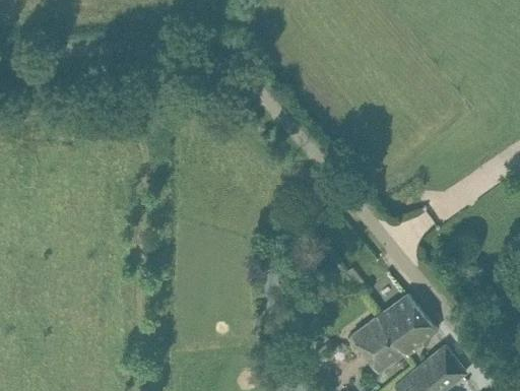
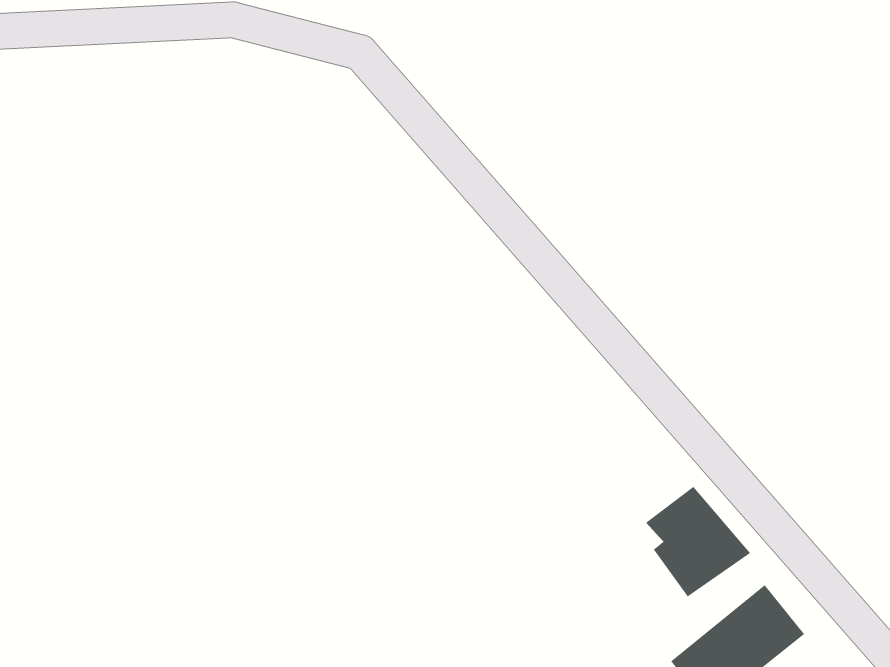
building: [352,314,404,371] -> none

